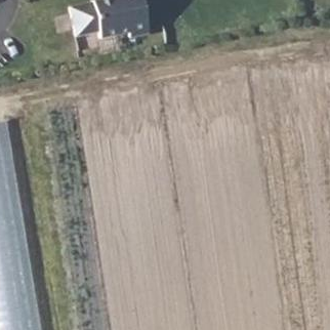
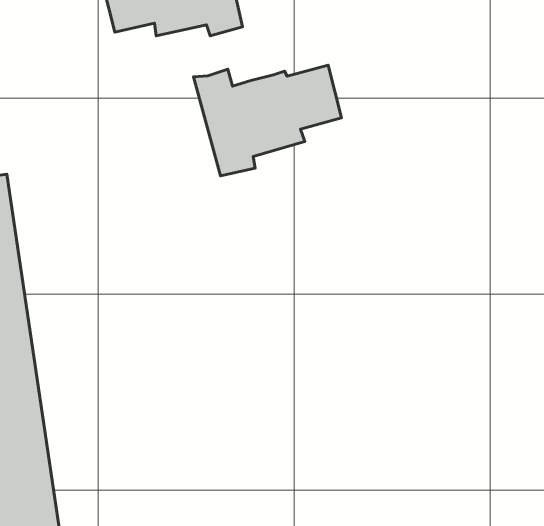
building: none -> [194,65,341,176]

